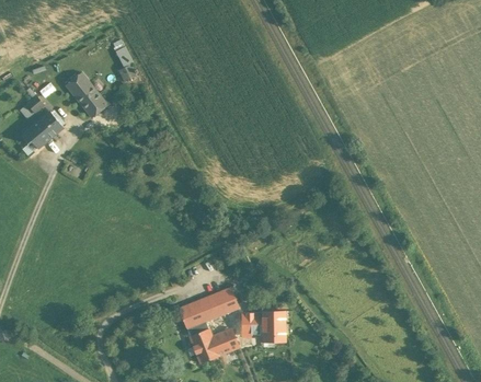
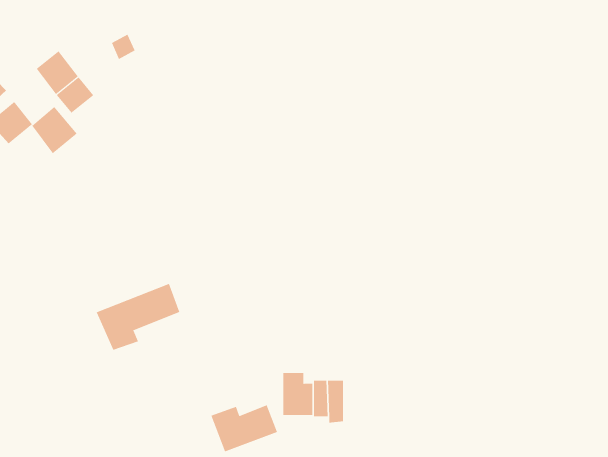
building: none -> [31,106,78,154]
building: [177,288,238,336] -> [96,283,180,351]

